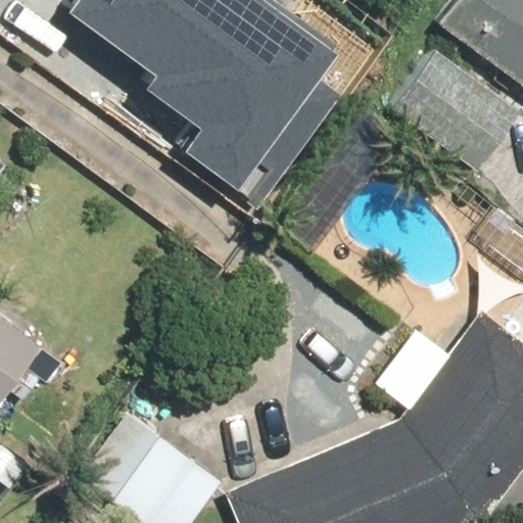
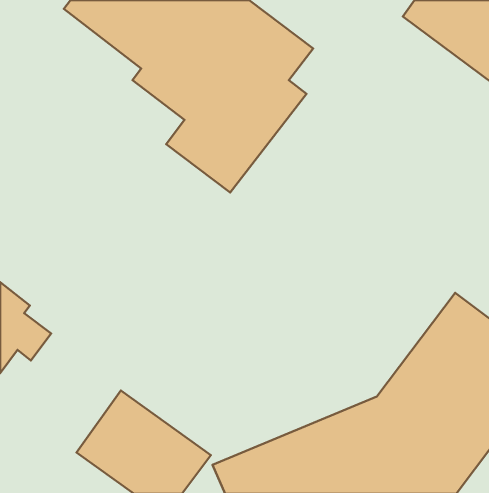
building: [380,39,517,170] -> none

